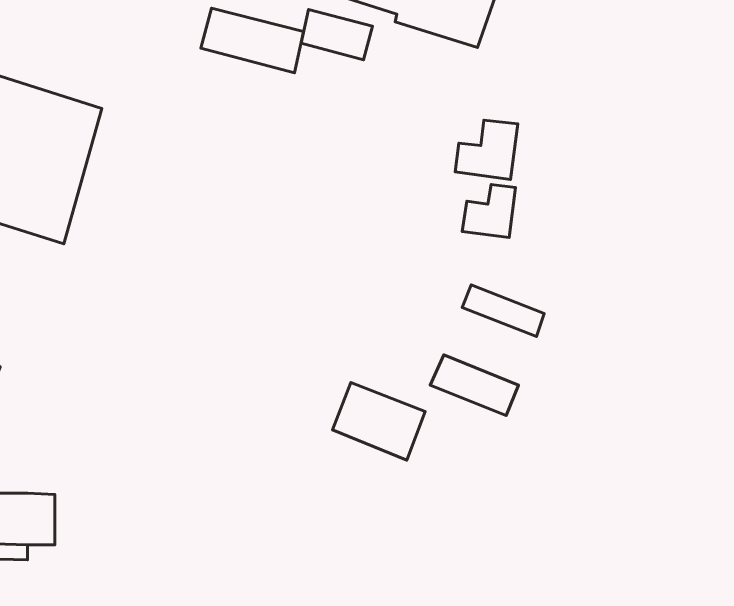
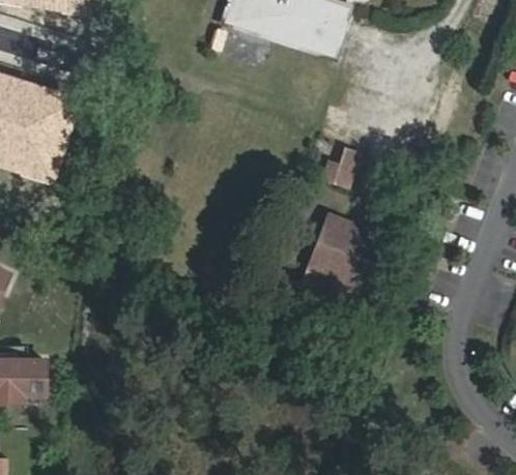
building: [201,8,304,73] -> none
building: [455,120,518,180] -> none
building: [332,383,425,460] -> [309,231,372,284]

